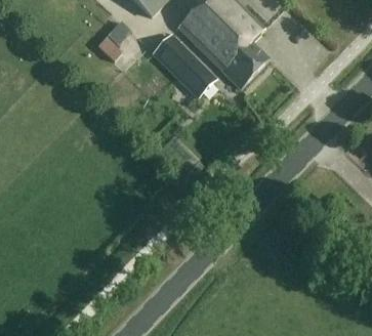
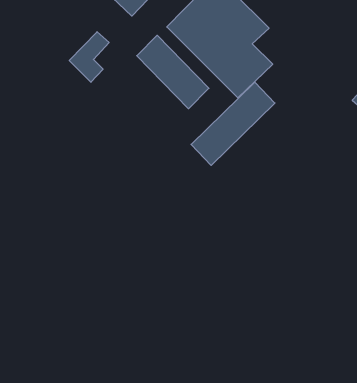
building: none -> [191,82,275,165]

